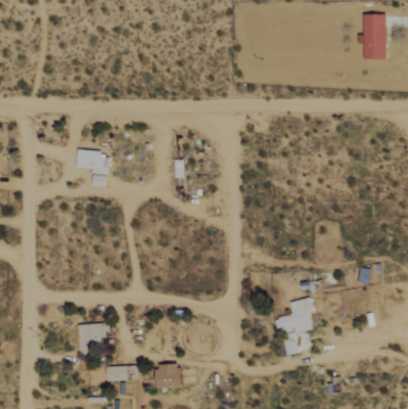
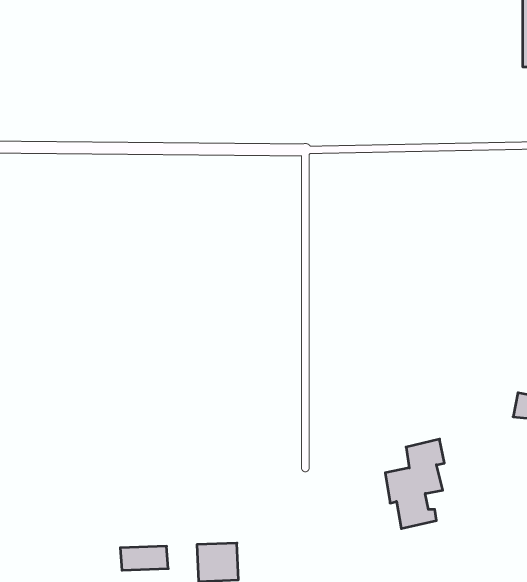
building: [76,148,108,186] -> none
building: [78,323,108,348] -> none

